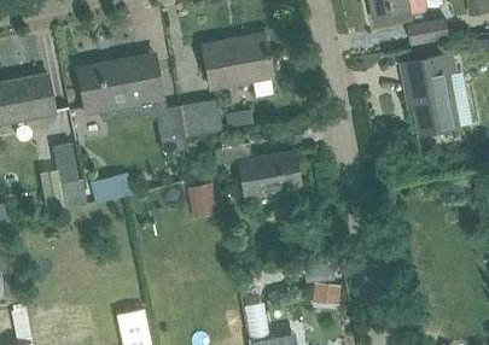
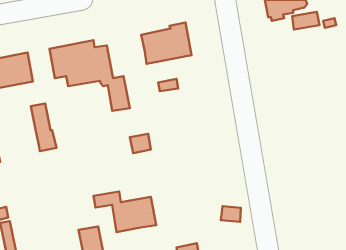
building: [406,54,459,134] -> none
building: [181,100,222,138] -> none
building: [214,142,299,198] -> [94,192,156,232]
building: [91,174,133,203] -> none

